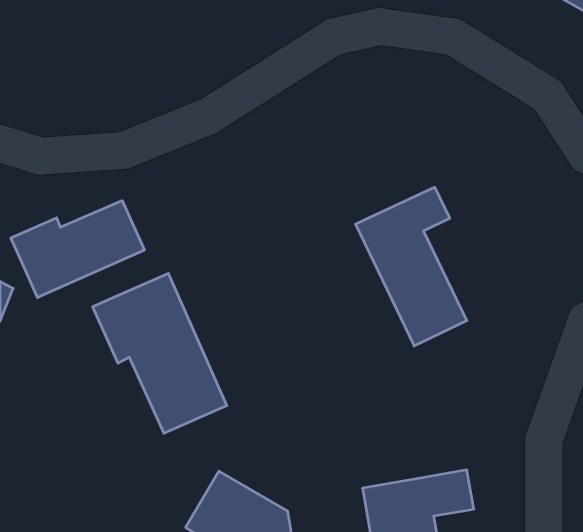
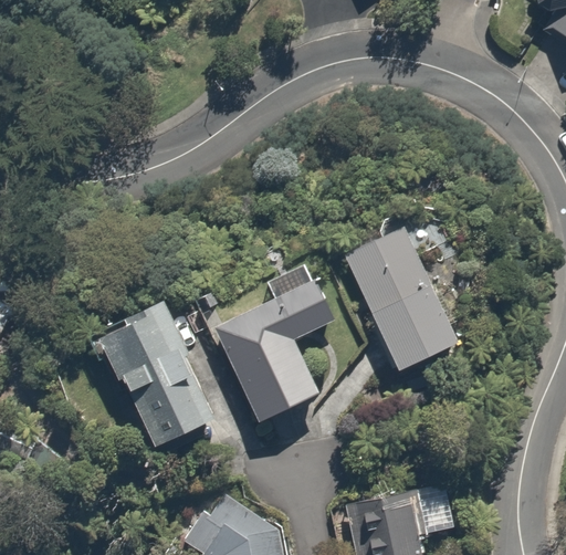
building: [11,201,144,298] -> none
building: none -> [213,253,343,423]

